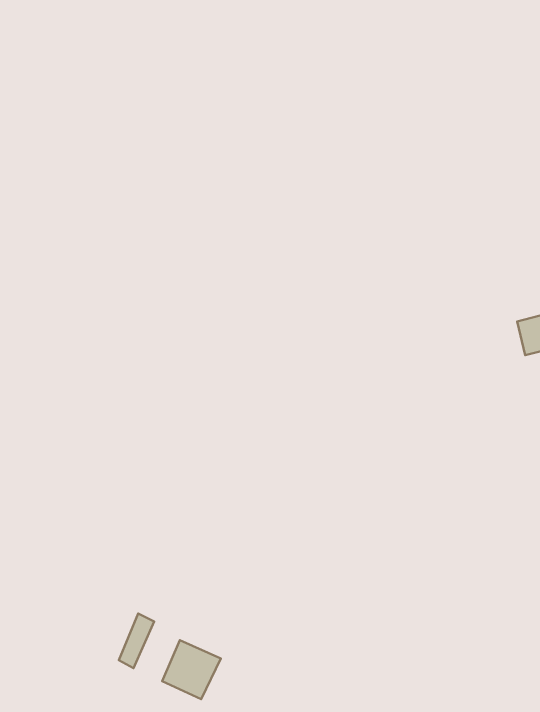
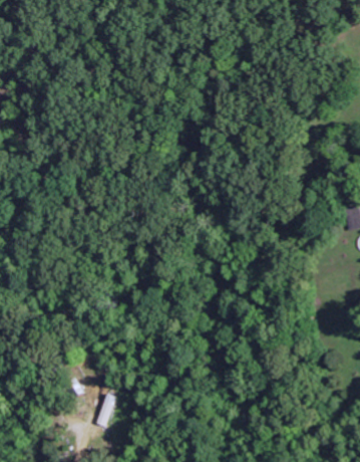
building: [162,640,221,699] -> none

